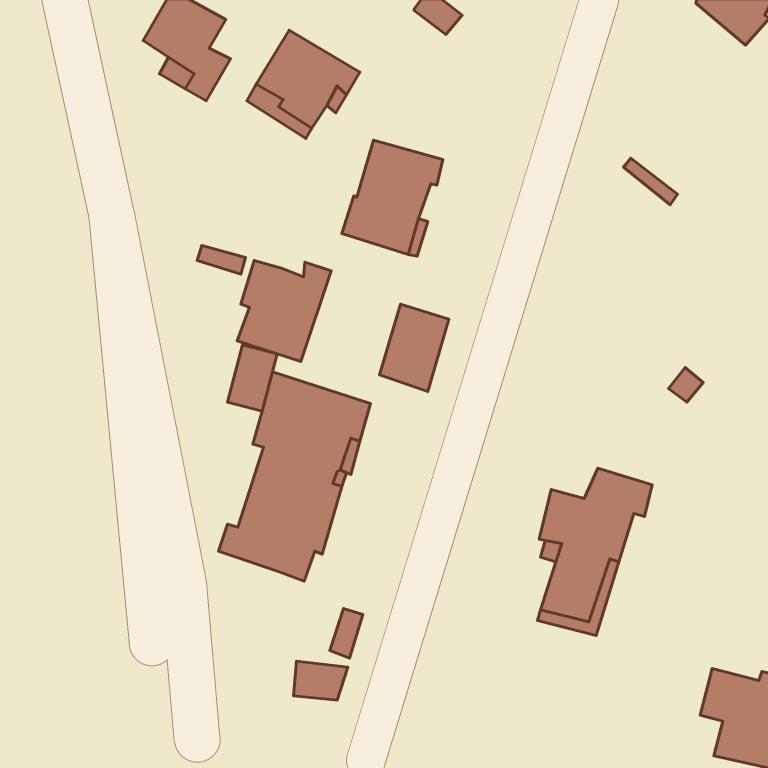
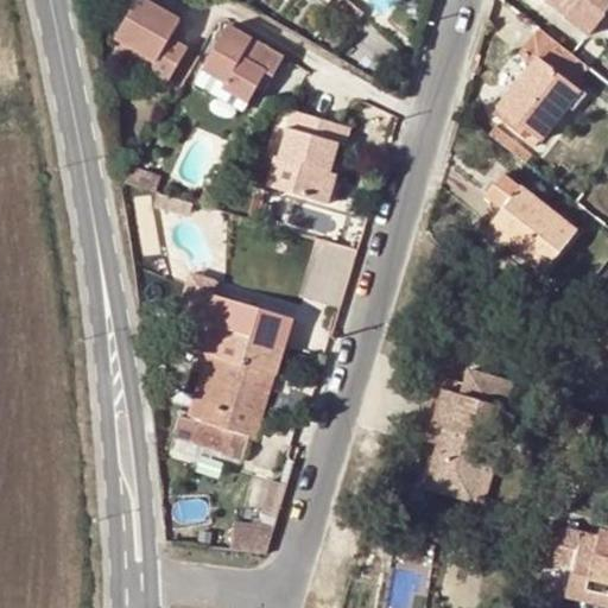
building: none -> [498,36,584,145]
building: none -> [480,173,577,270]
building: [237,261,331,362] -> none

